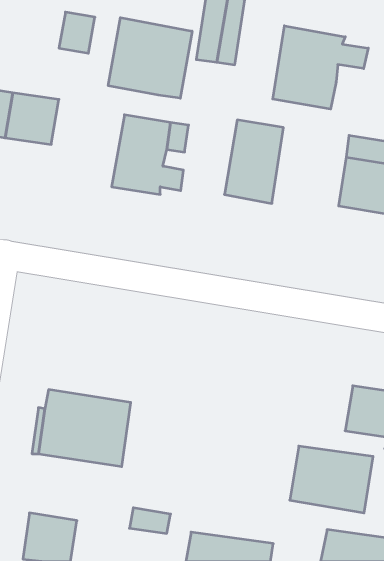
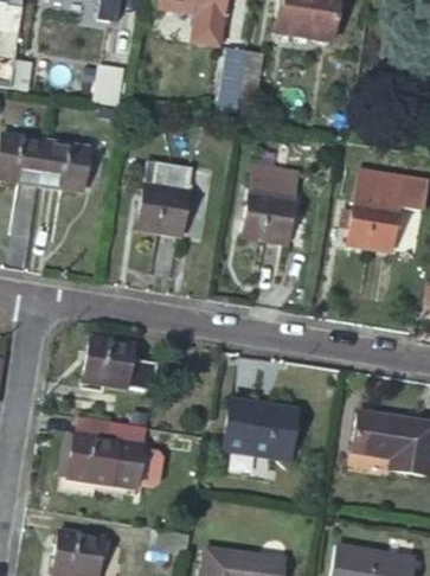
building: [108,18,192,98] -> none
building: [273,26,368,109] -> none
building: none -> [85,338,135,385]
building: [290,446,373,513] -> [222,401,299,462]

